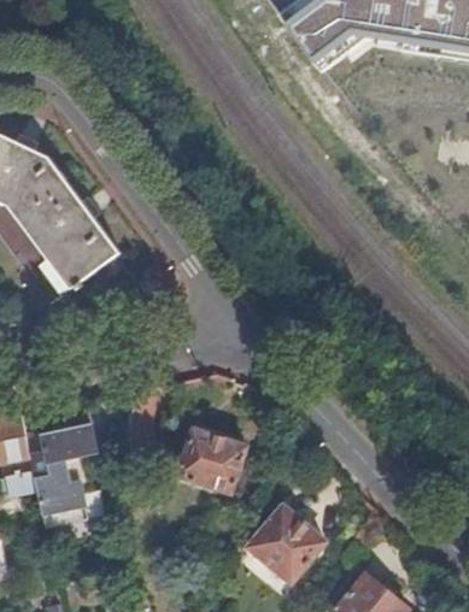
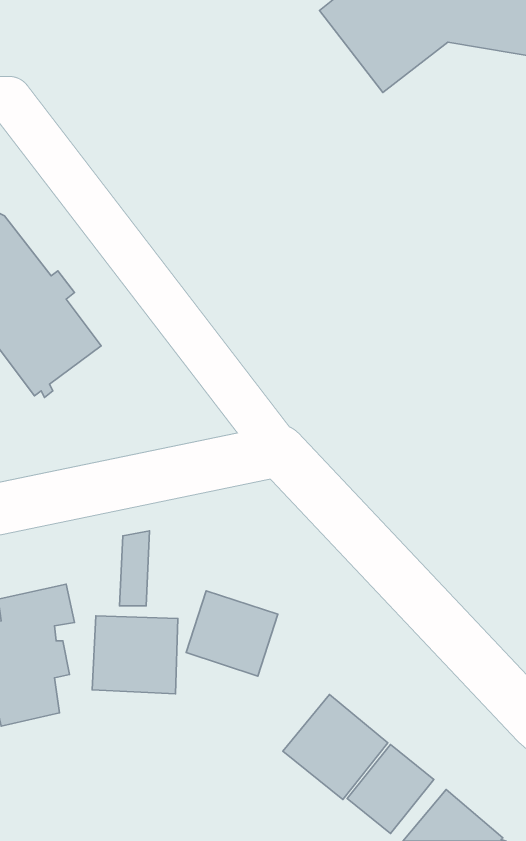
building: none -> [92,616,178,694]
building: none -> [347,745,434,833]

